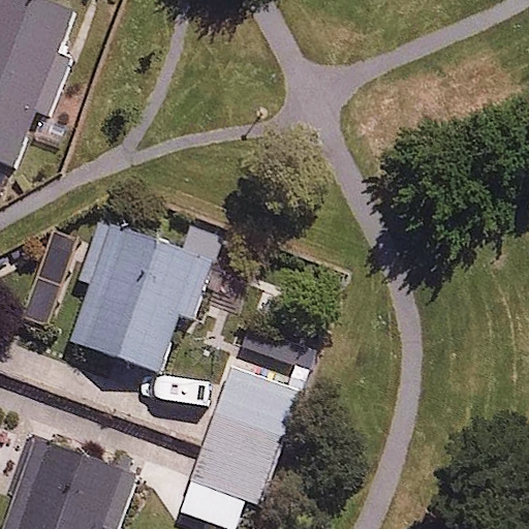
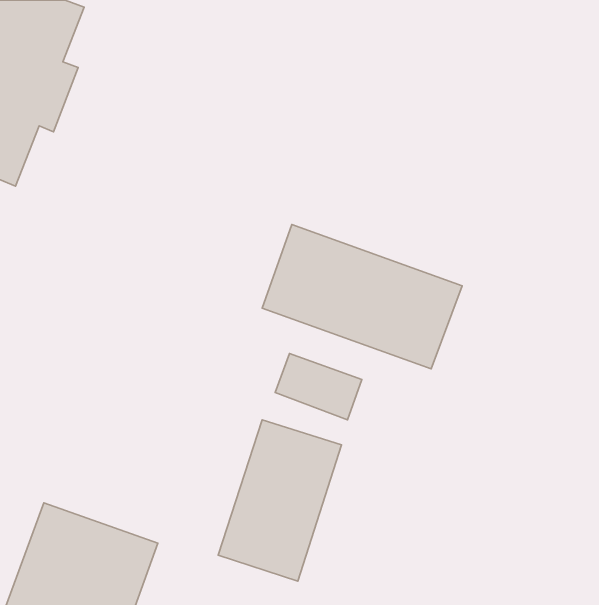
building: none -> [262,224,462,369]
building: [70,220,213,373] -> none

